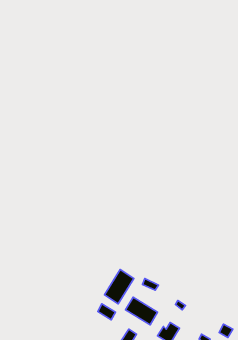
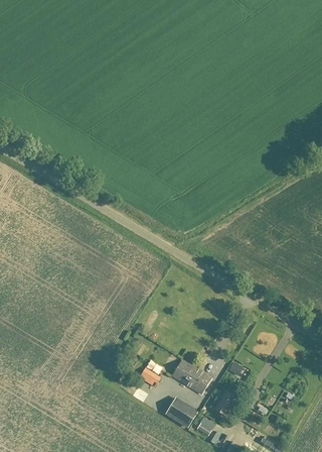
building: [104,270,134,304] -> none

